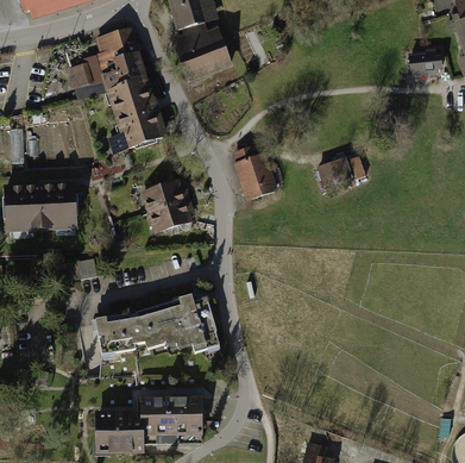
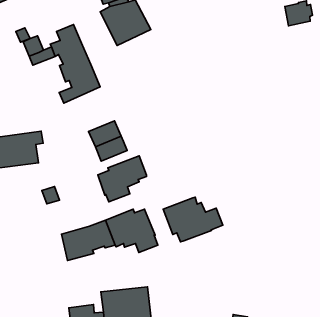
building: [98,29,136,74] -> none
building: [233,152,276,200] -> none
building: [319,158,351,184] -> none
building: none -> [98,156,146,202]
building: none -> [163,197,223,242]

